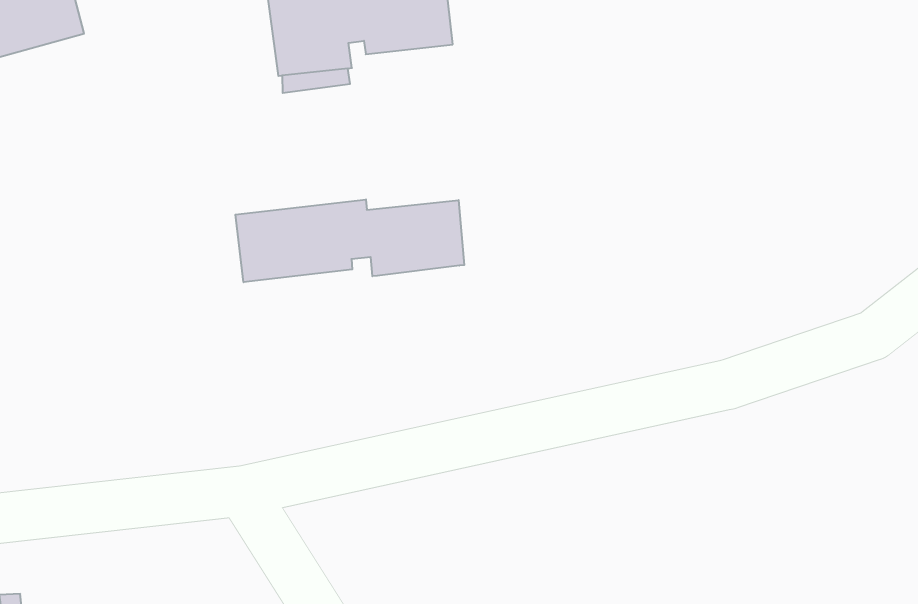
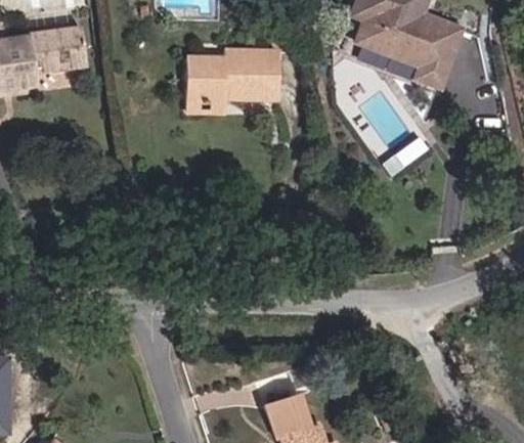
building: [235,199,464,282] -> none

